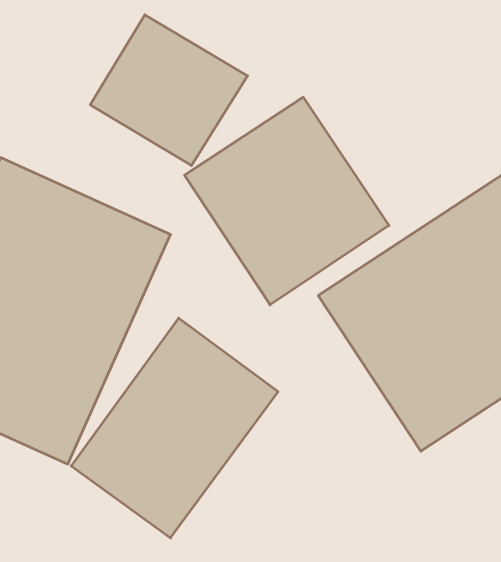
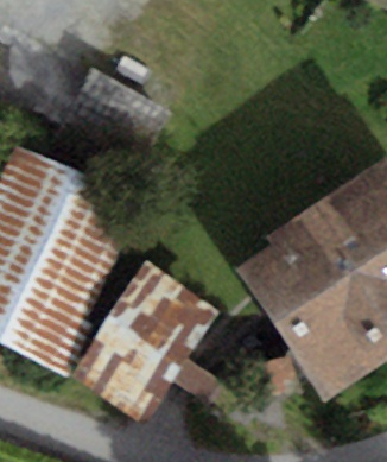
building: [185,97,389,305] -> none

